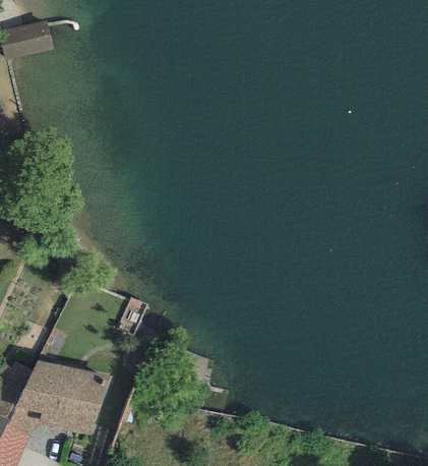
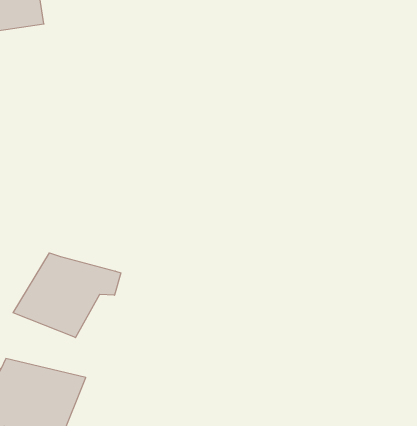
building: none -> [13,253,121,338]

